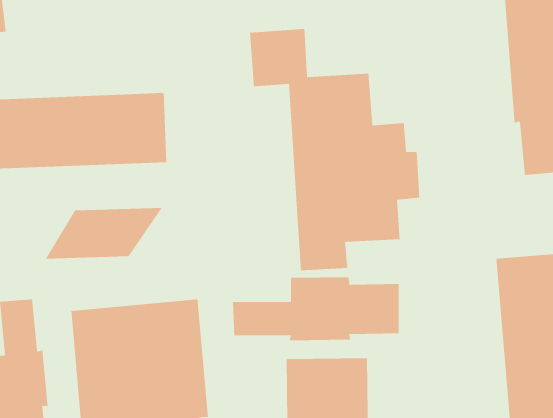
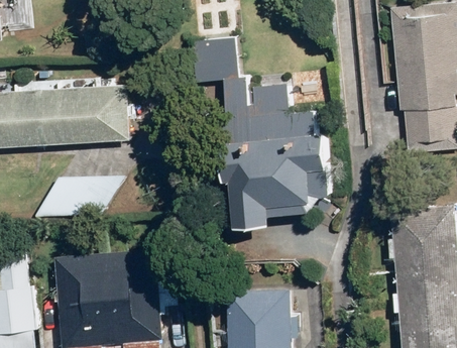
building: [232,276,399,341] -> none

